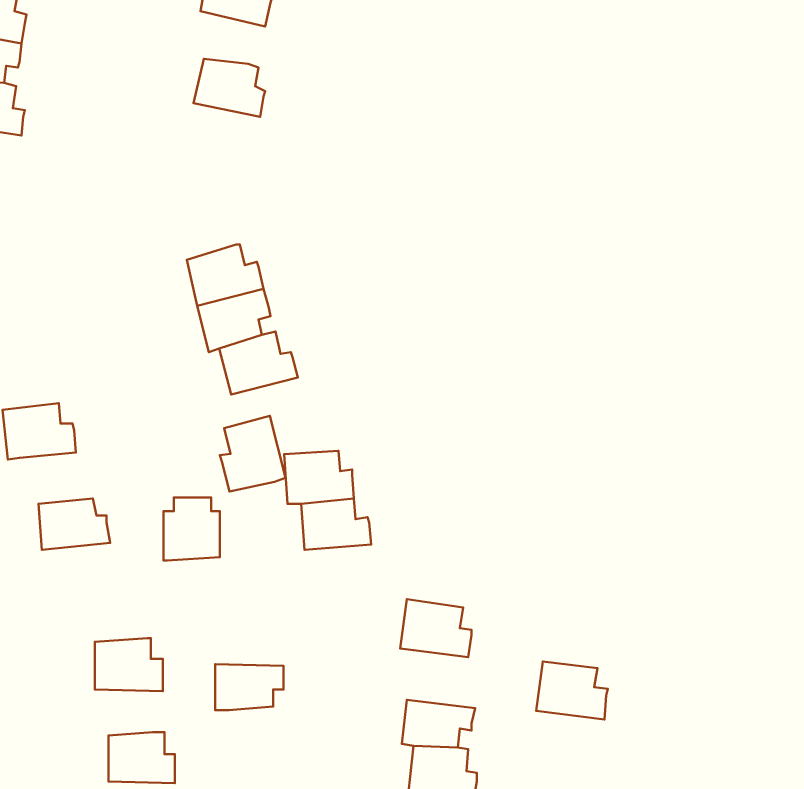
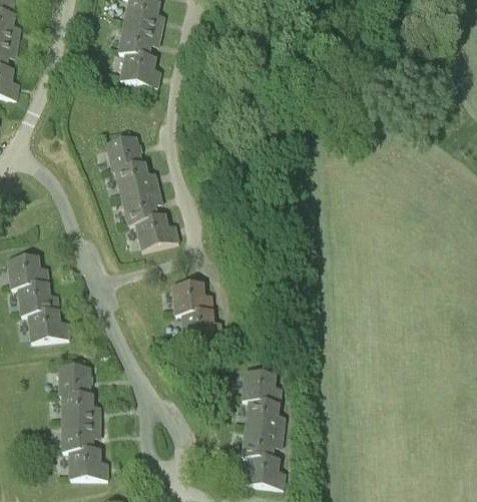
building: none -> [116,24,160,55]
building: none -> [104,134,143,171]
building: [220,416,286,491] -> none
building: none -> [16,284,59,315]
building: [164,498,220,561] -> [58,358,91,395]
building: [536,661,608,719] -> [244,400,286,434]
building: [215,664,284,710] -> [60,423,100,450]

